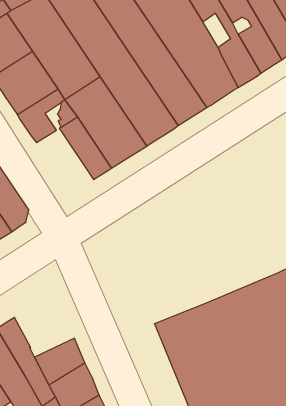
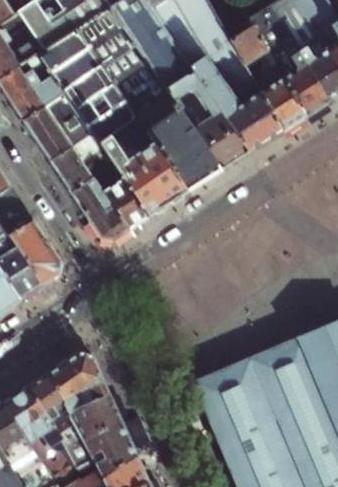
building: none -> [69,175,129,239]
building: none -> [46,353,109,416]

